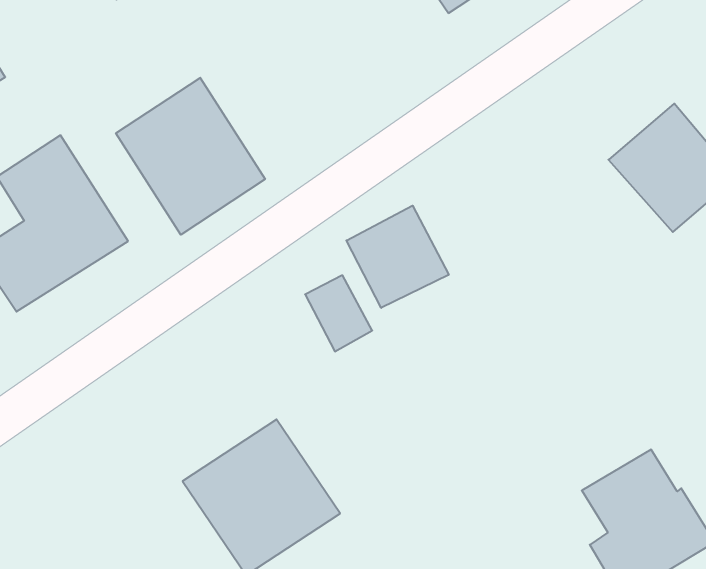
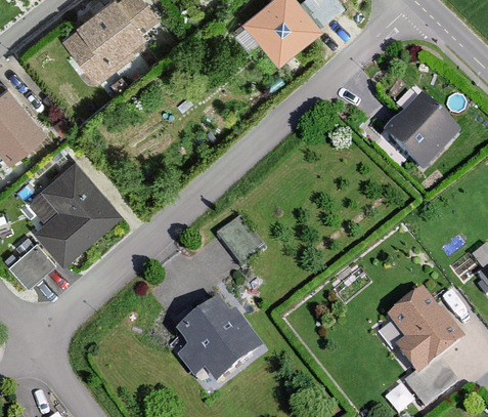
building: [116,78,265,235] -> none
building: [346,206,449,308] -> none

